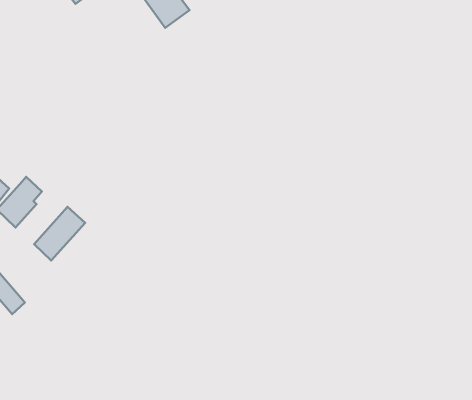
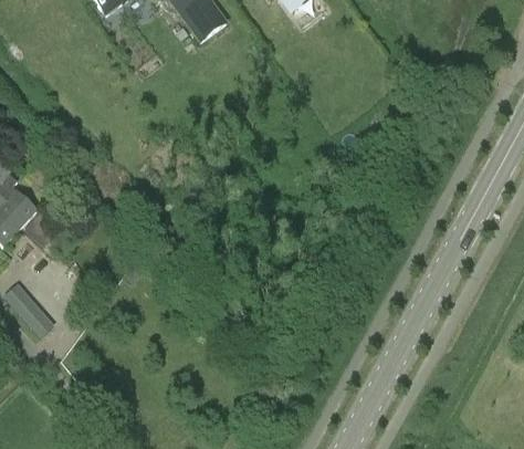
building: [34,207,85,260] -> none

